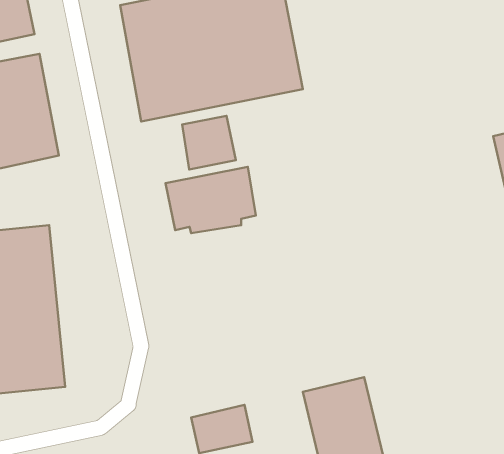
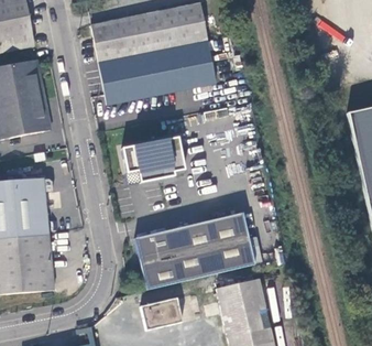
building: [182,116,236,169] -> none
building: none -> [134,213,253,289]

